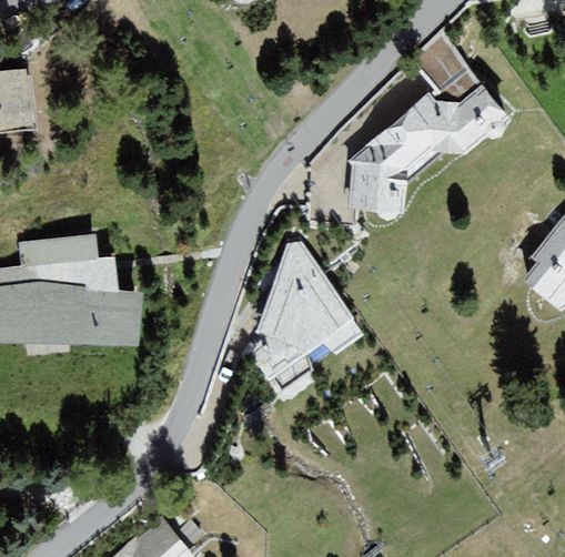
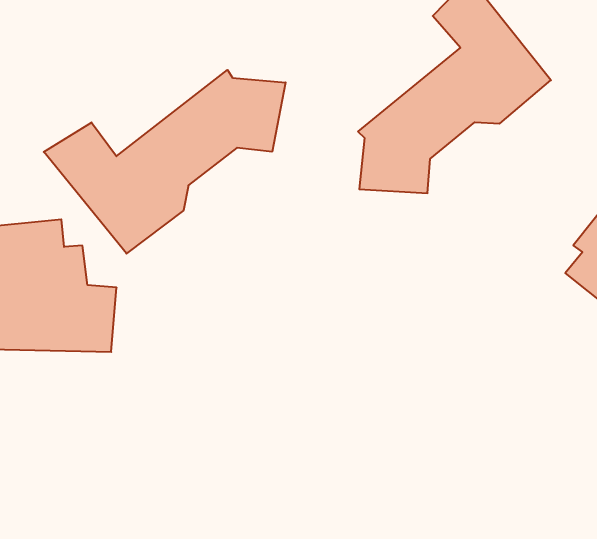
building: none -> [44,70,286,254]
building: [251,242,366,394] -> none

